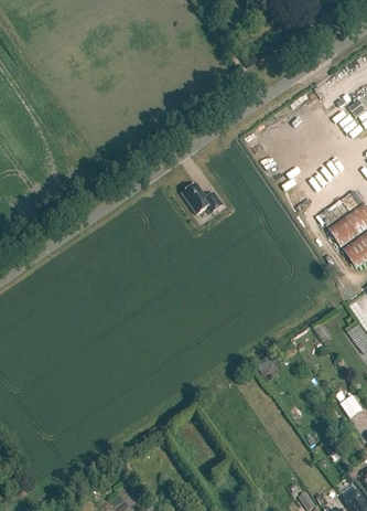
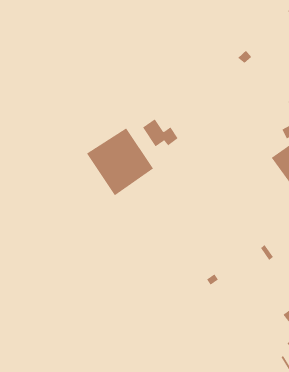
building: none -> [86,128,154,196]

